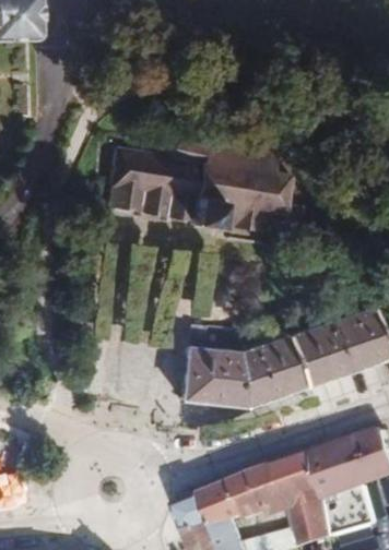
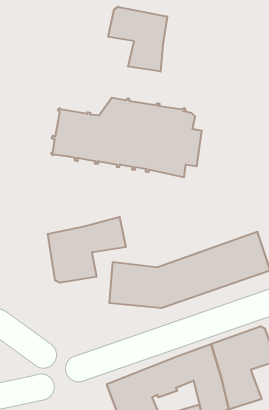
building: none -> [108,7,167,72]
building: none -> [48,217,126,283]

